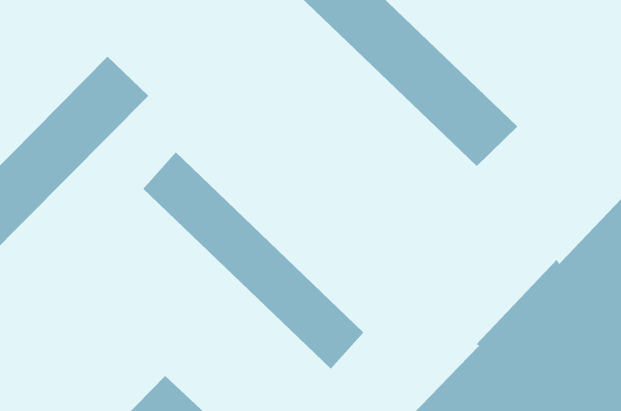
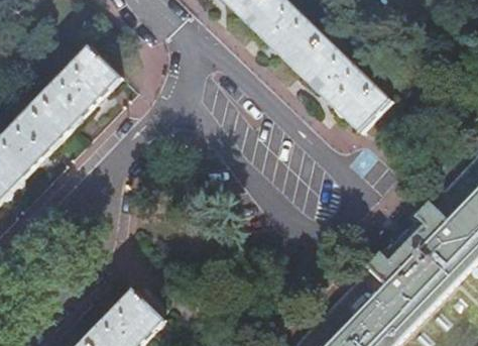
building: [142,152,364,370] -> none

